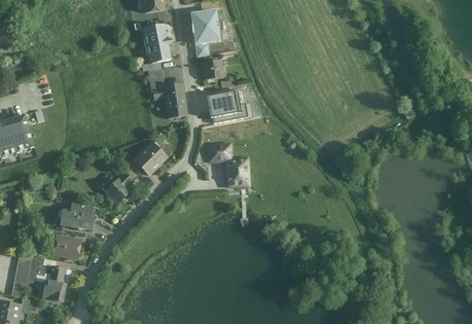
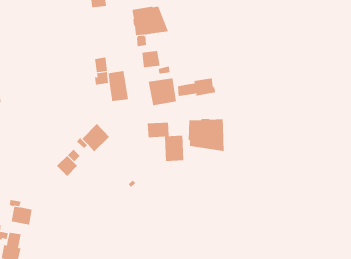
building: [142,25,171,63] -> none
building: none -> [178,77,216,97]
building: none -> [187,118,224,152]
building: [59,203,92,229] -> none

